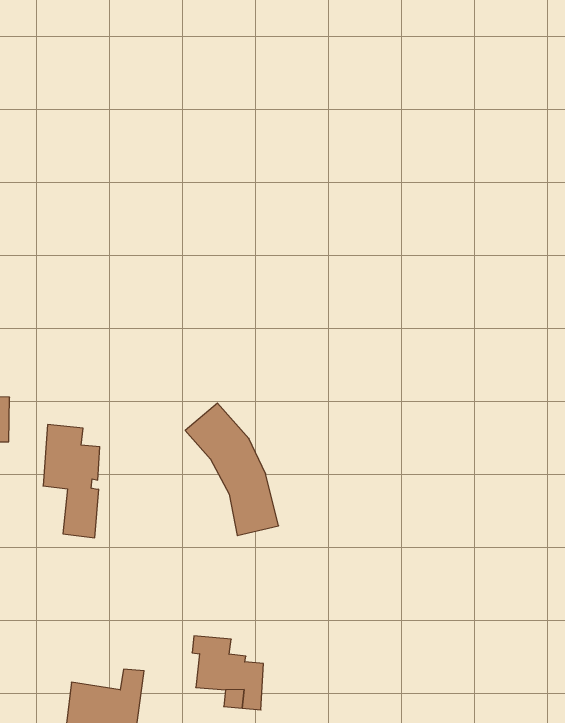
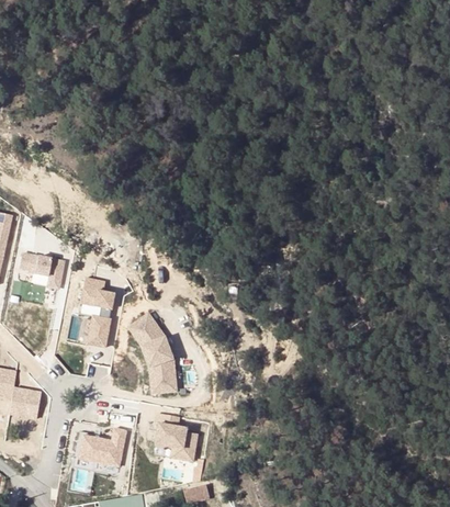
building: [185,403,279,536] -> [127,313,177,393]

